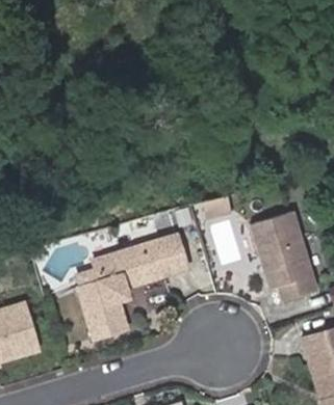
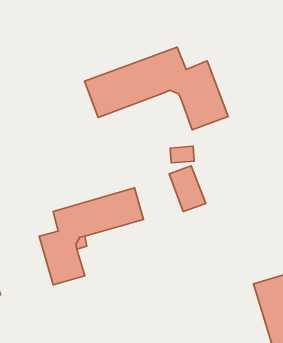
building: none -> [85,47,228,130]
building: [250,211,317,301] -> none

